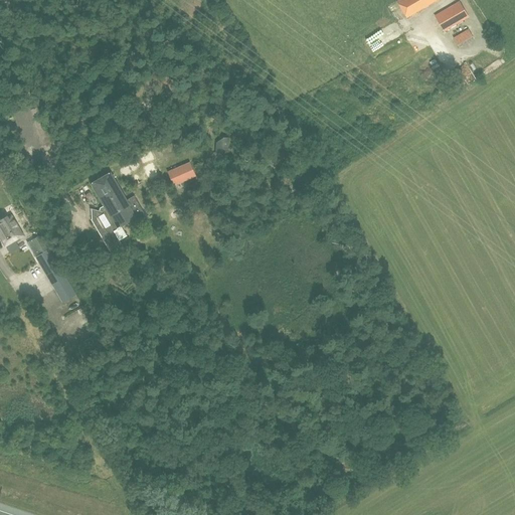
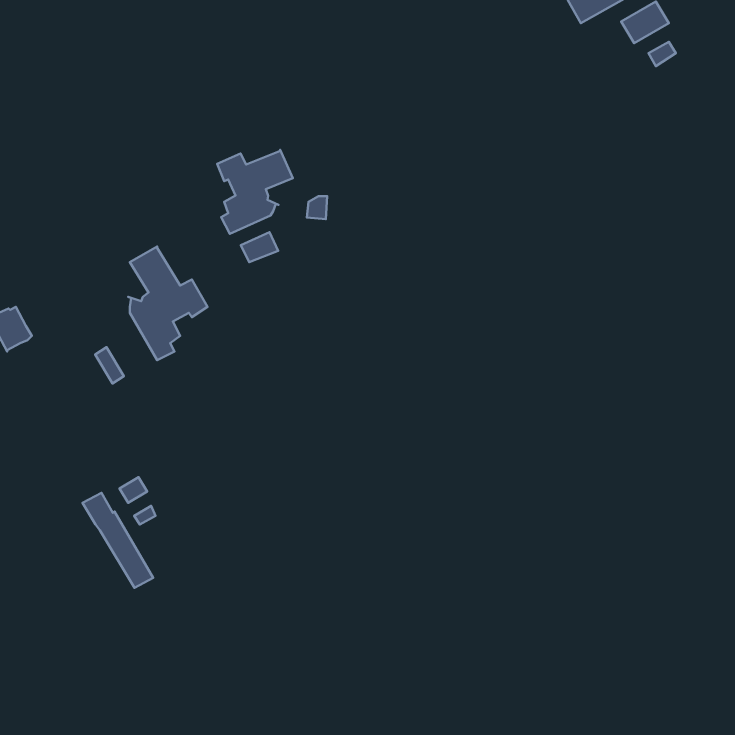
building: none -> [217,150,293,234]
building: [26,234,75,301] -> [83,493,153,588]

